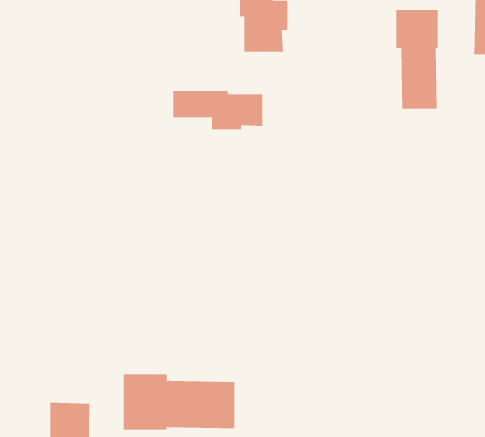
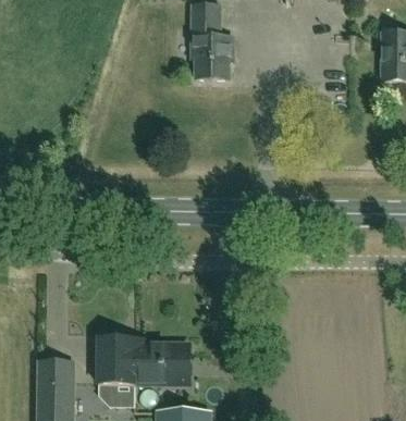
building: [395,9,439,109] -> none
building: [173,90,263,130] -> none

